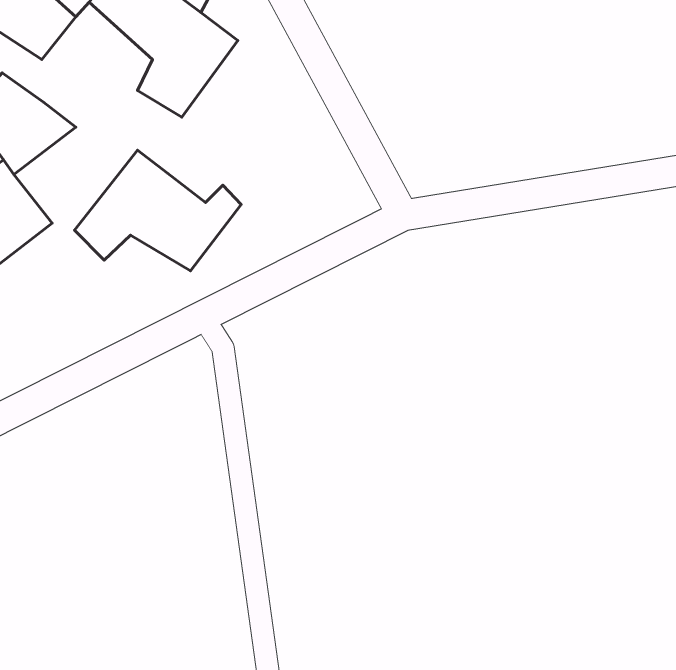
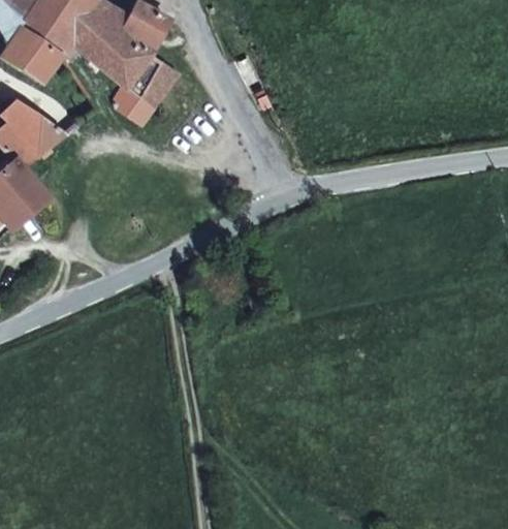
building: [75,150,241,271] -> none

